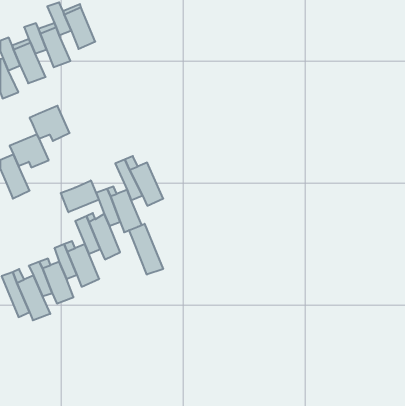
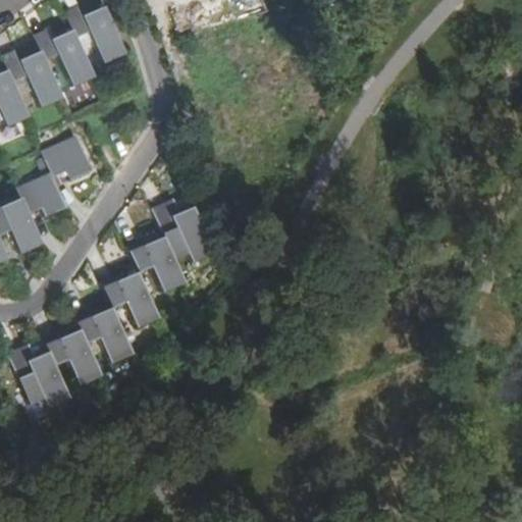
building: [61,180,99,212] -> none
building: [129,224,163,275] -> none

